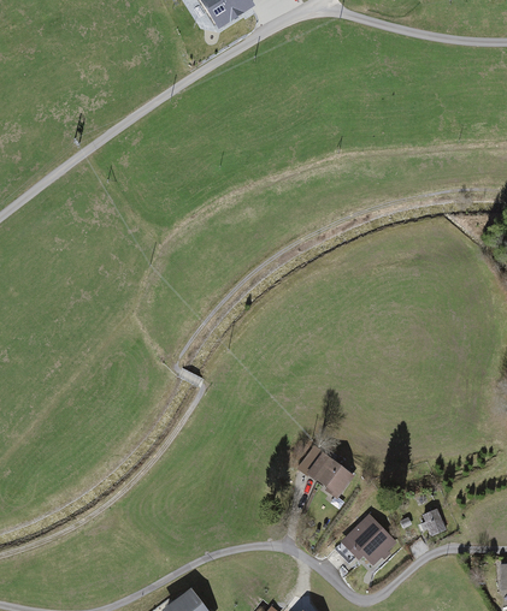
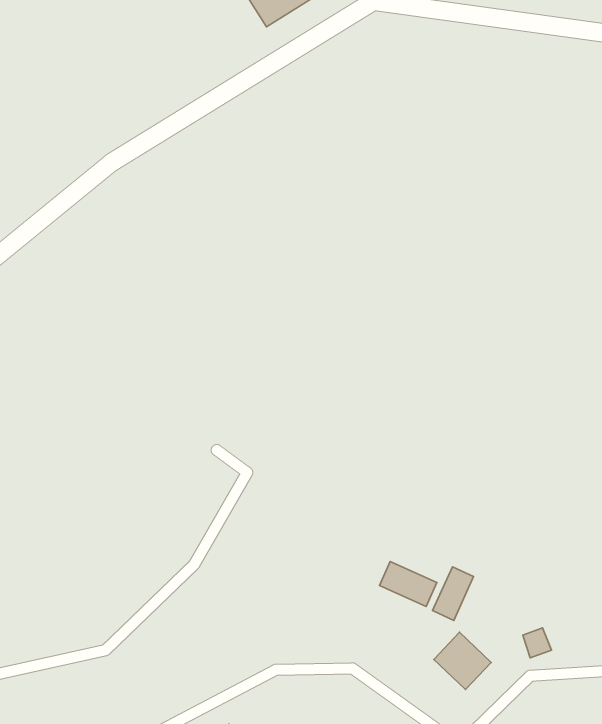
building: none -> [433,567,473,620]

